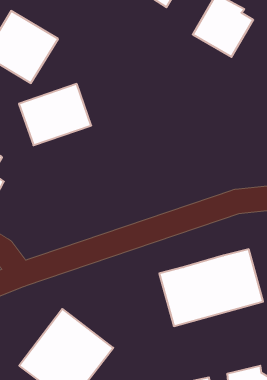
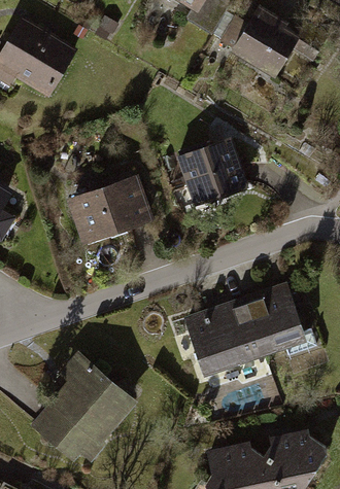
building: [19,84,91,145] -> [71,174,154,244]
building: none -> [176,137,250,211]

